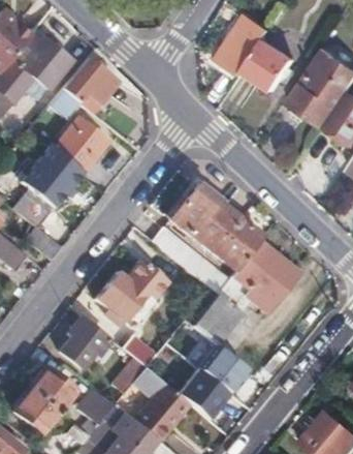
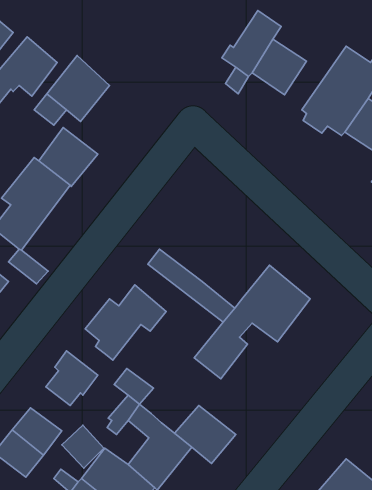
building: [169,184,262,271] -> none
building: [196,343,249,393] -> none

